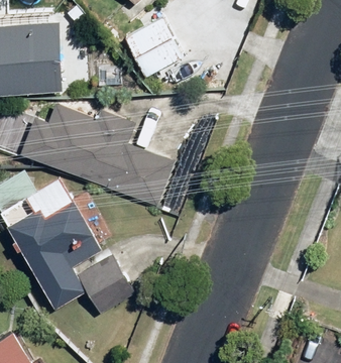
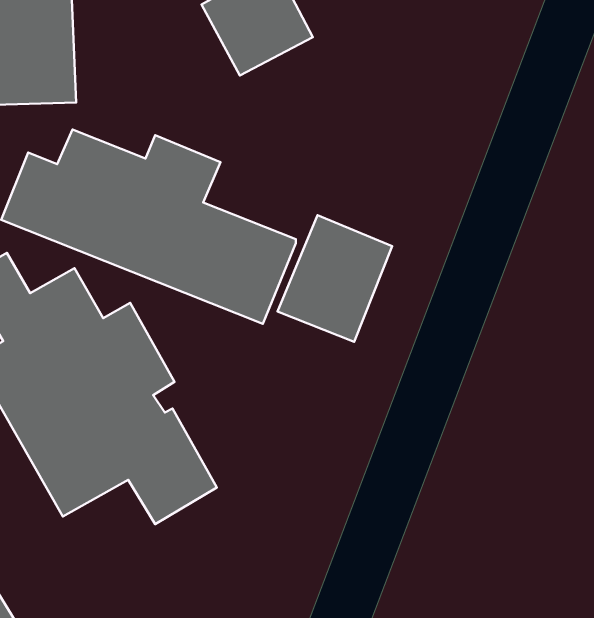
building: none -> [277,215,392,342]

